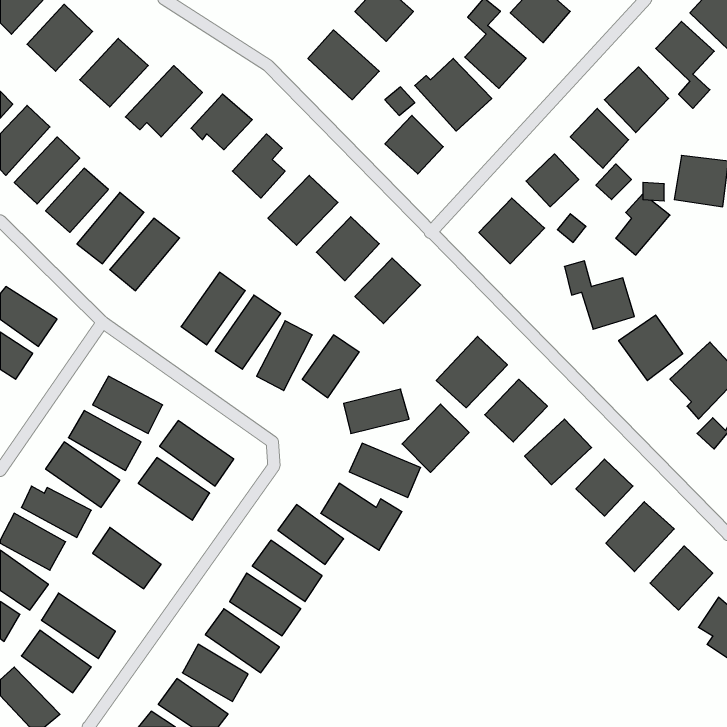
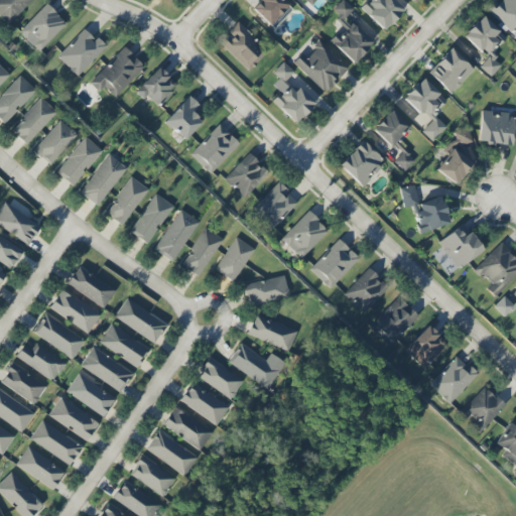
building: none -> [106,176,148,226]
building: [402,404,469,472] -> [281,211,329,259]
building: none -> [81,347,134,391]
building: none -> [48,398,100,439]

